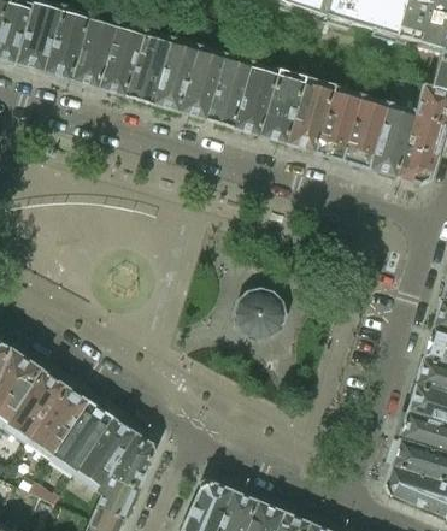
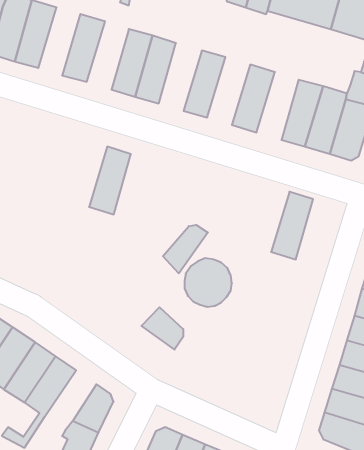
building: [70,12,117,88] -> none
building: [124,28,171,104] -> [89,147,131,214]
building: [205,35,259,128] -> none
building: [259,67,307,143] -> none
building: [314,84,361,160] -> [271,192,313,259]
building: none -> [163,225,208,273]
building: none -> [141,307,183,350]
building: [77,418,135,485] -> none

